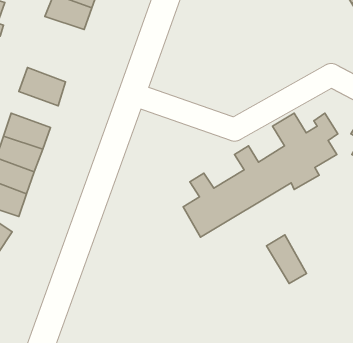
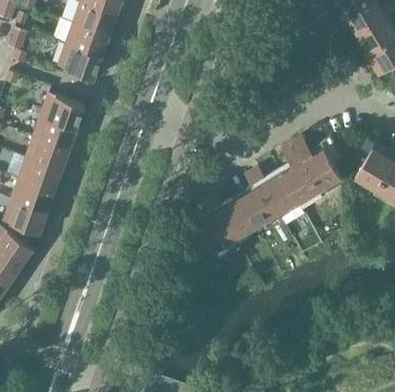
building: none -> [58,43,102,78]
building: none -> [33,115,77,149]
building: [267,235,307,283] -> none

